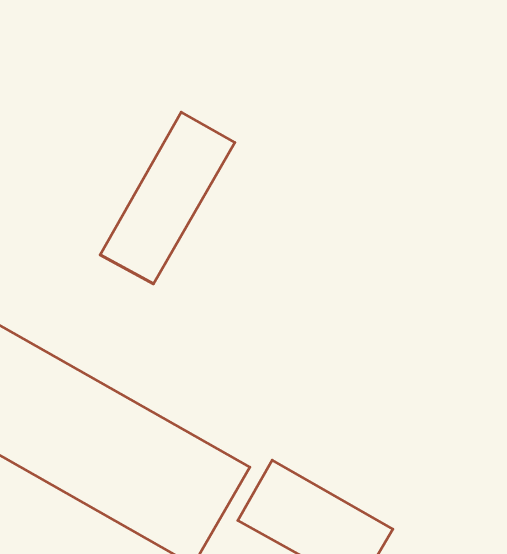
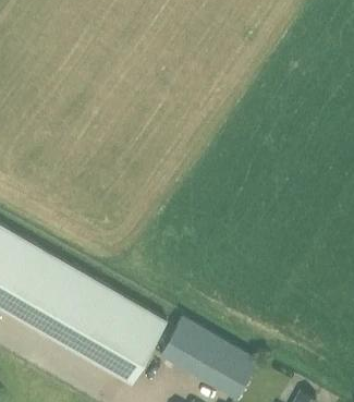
building: [100,112,235,284] -> none

